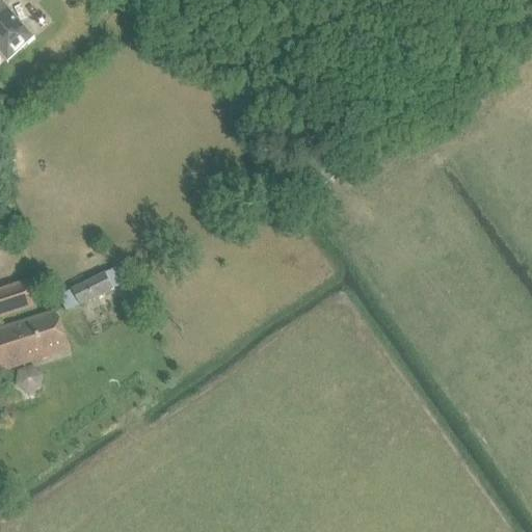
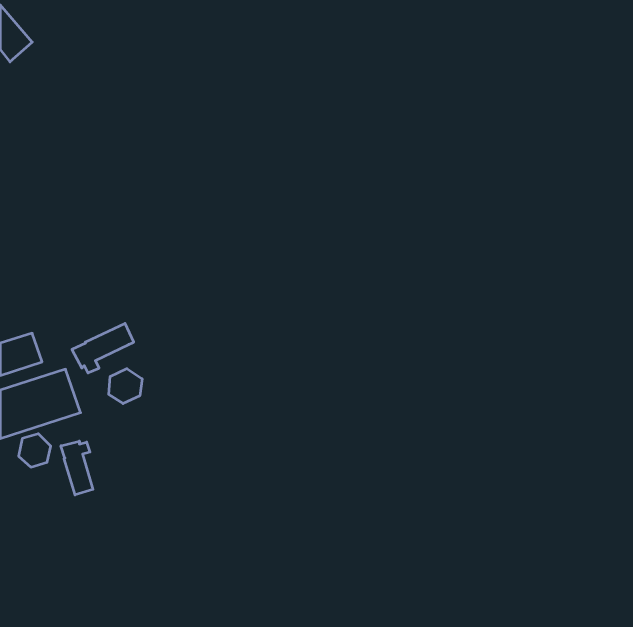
building: none -> [109,369,142,404]
building: none -> [61,441,93,495]

